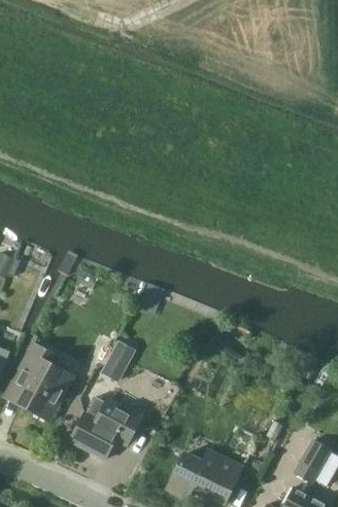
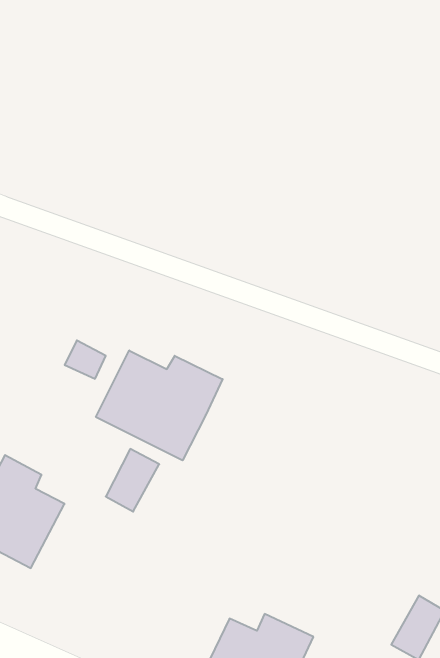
building: none -> [96,350,223,460]
building: [70,396,141,458] -> none

